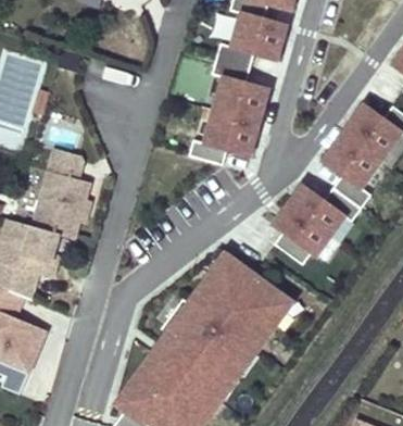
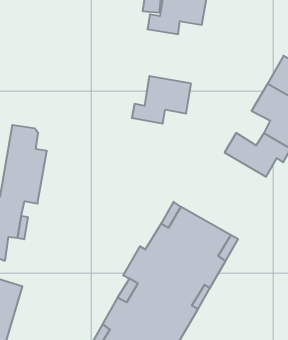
building: [211,58,267,123] -> none
building: [273,203,330,263] -> none

